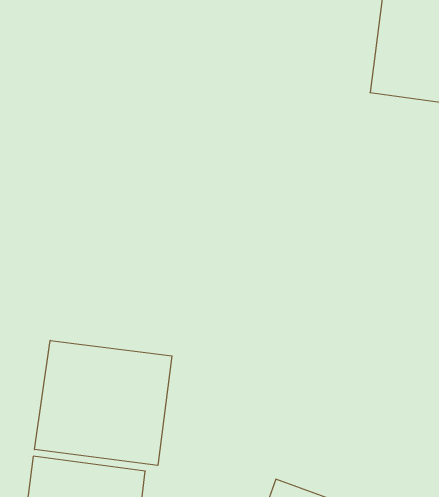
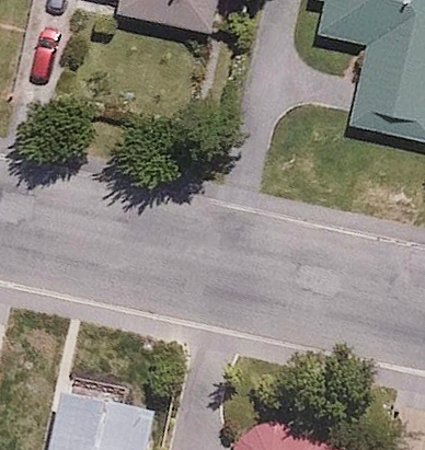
building: [35,340,172,465] -> none

